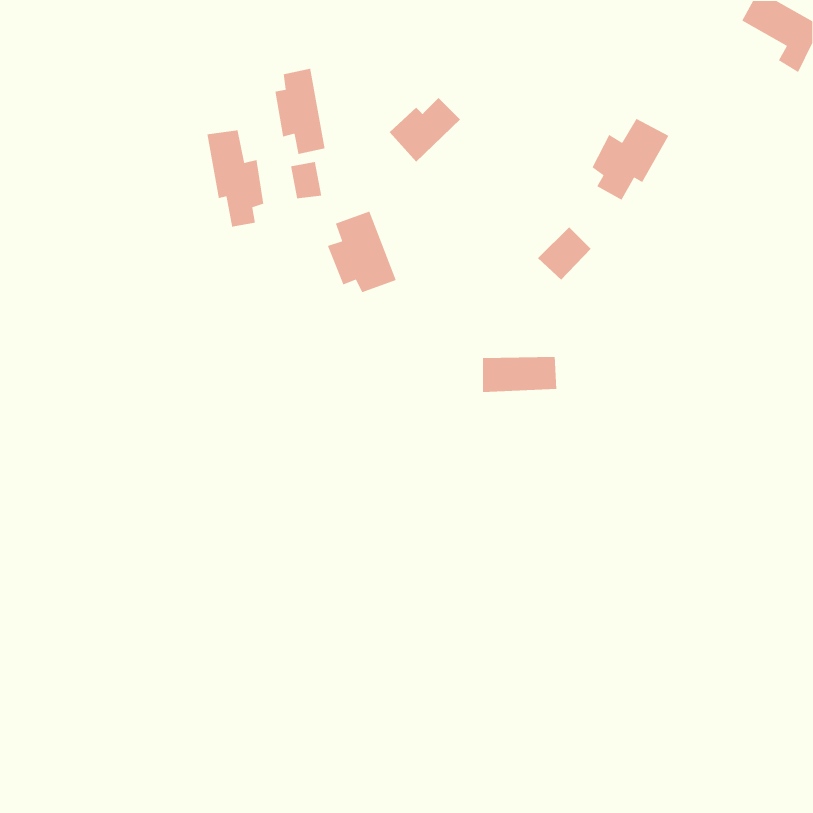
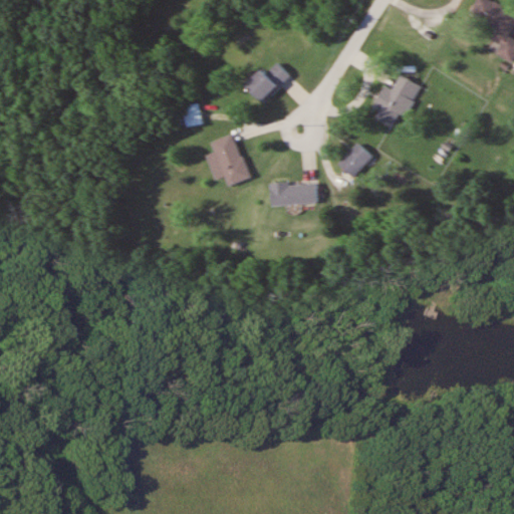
building: [275,68,326,155] -> none
building: [206,129,264,227] -> none
building: [482,356,557,393] -> [271,183,318,206]

